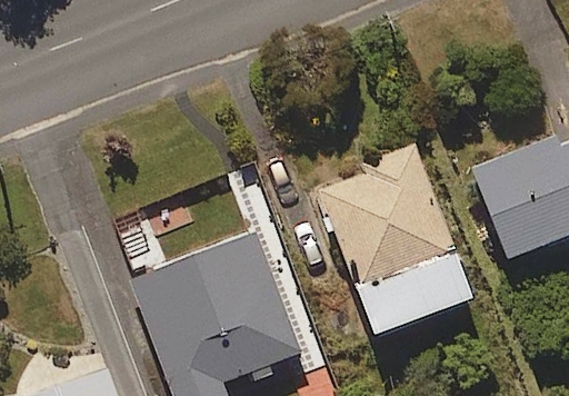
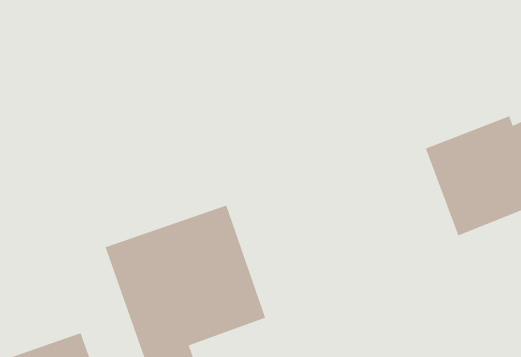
building: [319,162,470,339] -> none

